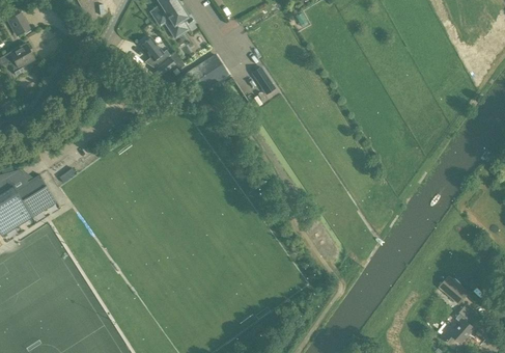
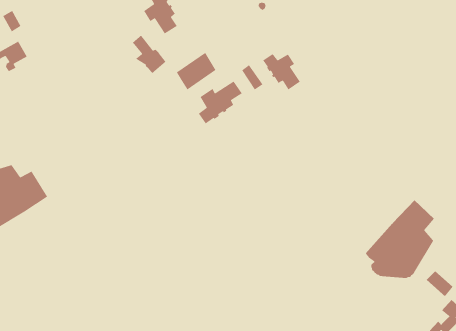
building: none -> [262,53,301,91]
building: none -> [198,80,243,125]
building: none -> [365,200,436,279]

